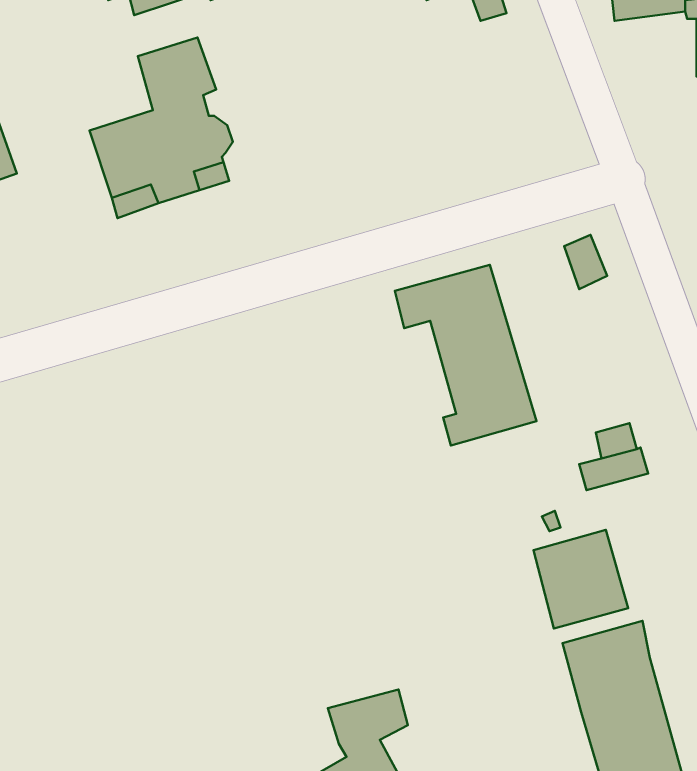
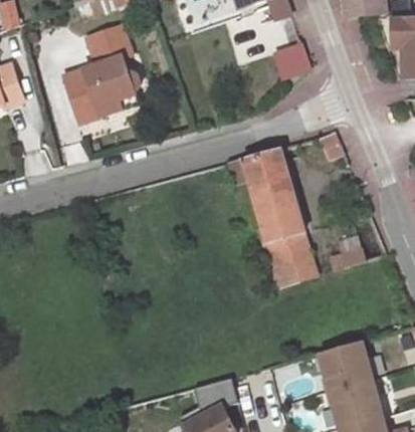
building: none -> [273,43,308,78]
building: [533,530,628,629] -> [266,233,318,286]

